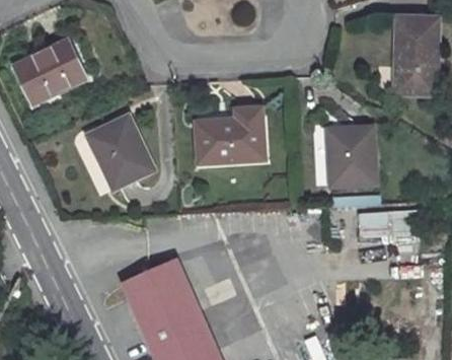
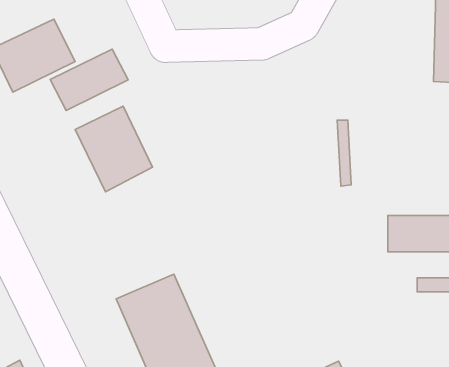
building: none -> [50,49,128,110]
building: [197,109,265,161] -> none
building: [328,128,376,186] -> none

